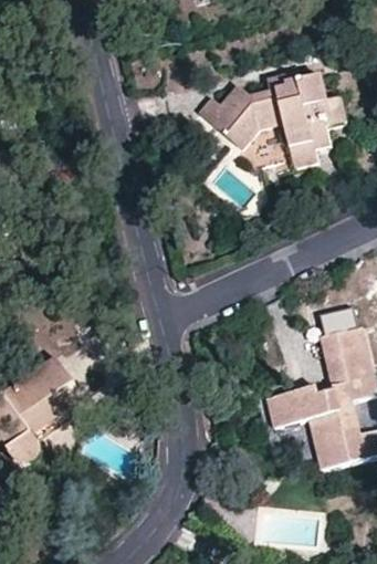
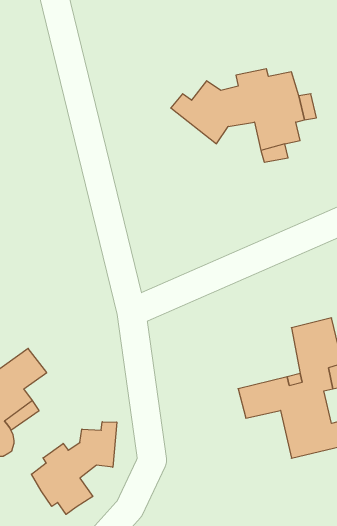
building: none -> [31,422,117,514]

